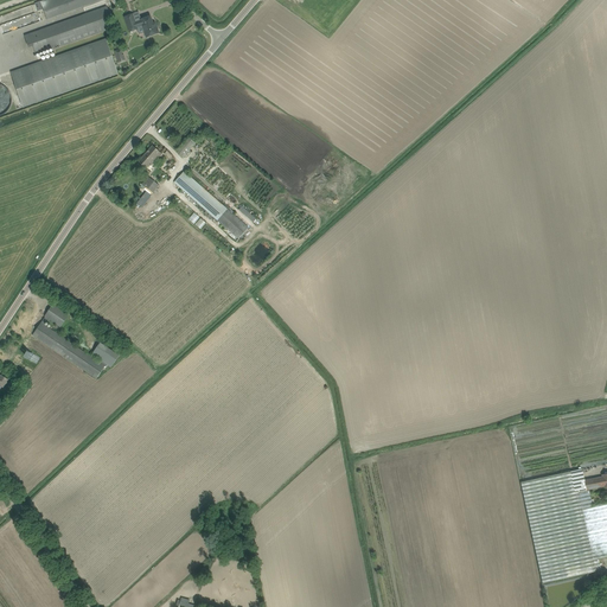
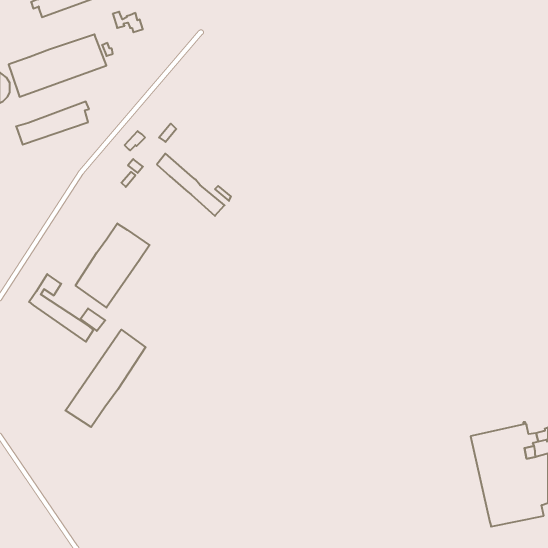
building: [28,5,109,52] -> [16,102,89,145]
building: none -> [76,223,150,308]
building: none -> [65,330,146,427]

